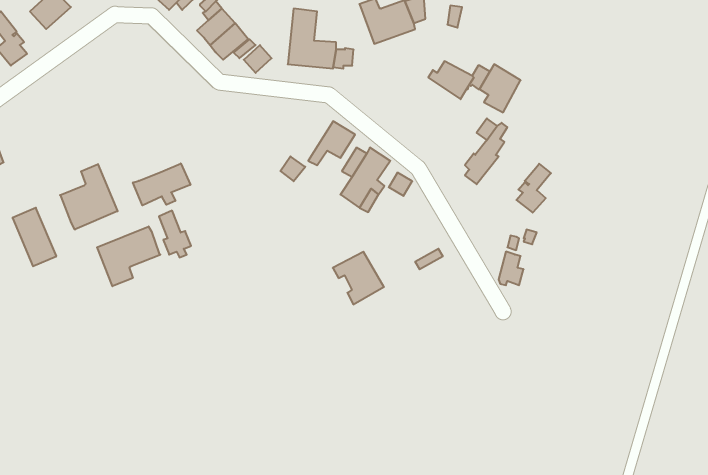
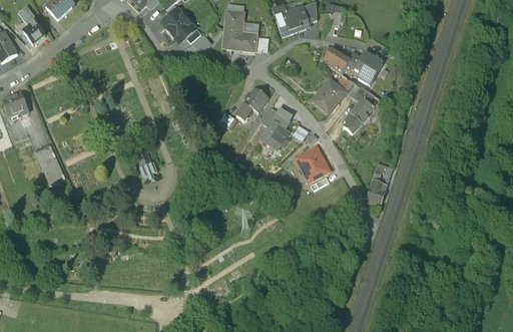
building: none -> [311,77,346,110]
building: [133,163,190,205] -> none
building: [516,164,551,213] -> none
building: [60,164,118,230] -> none
building: [97,226,160,286] -> none
building: [333,252,384,304] -> [295,143,330,180]

